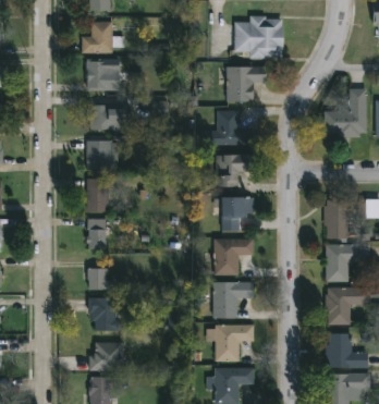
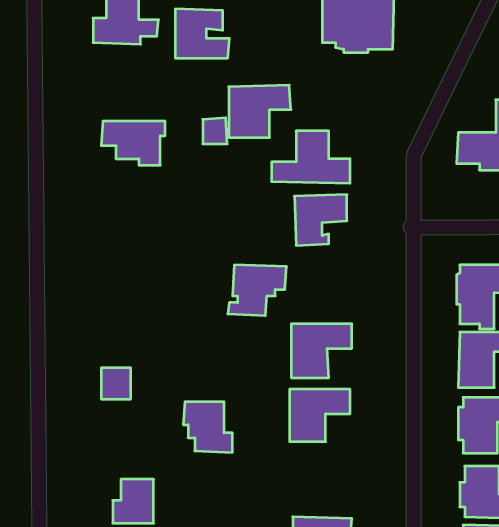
building: [86,58,122,90] -> [175,9,229,58]
building: [225,65,267,100] -> [229,85,291,137]
building: [91,139,118,170] -> none
building: [90,177,115,210] -> none
building: [215,196,254,230] -> [228,265,287,316]
building: [93,219,111,248] -> none
building: [87,297,120,331] -> [183,402,232,452]
building: [215,325,254,360] -> none

